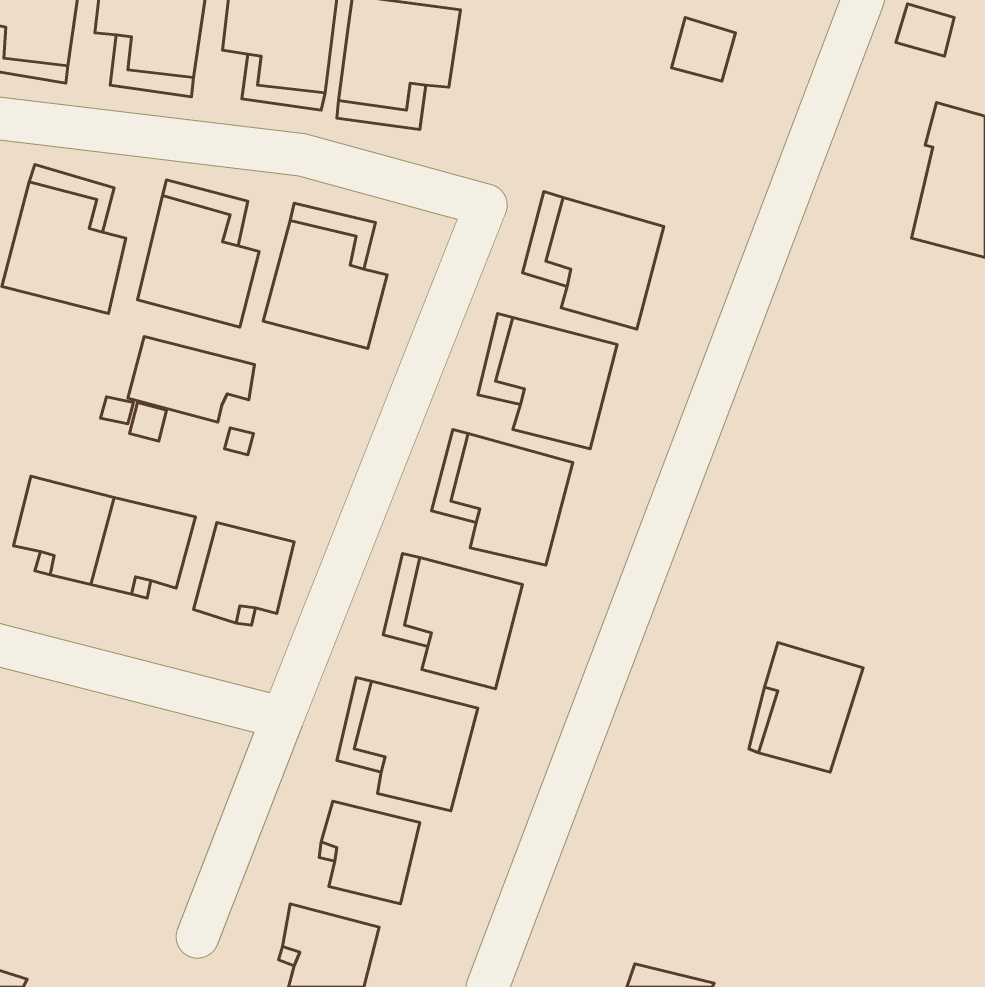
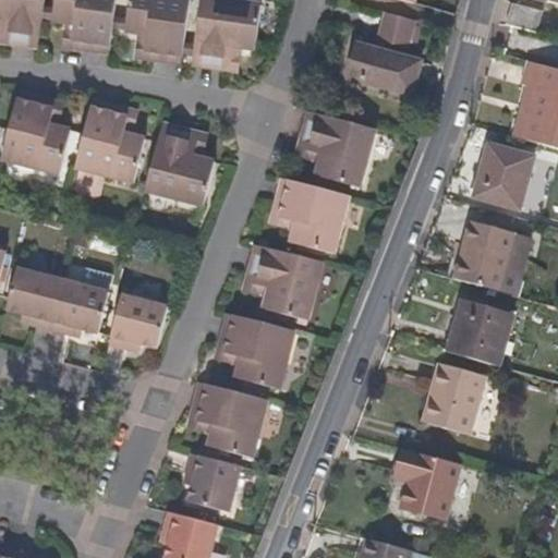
building: none -> [349,45,422,93]
building: none -> [469,147,530,209]
building: [128,337,255,422] -> none
building: none -> [449,220,518,290]
building: none -> [446,300,510,365]
building: none -> [396,449,458,520]

